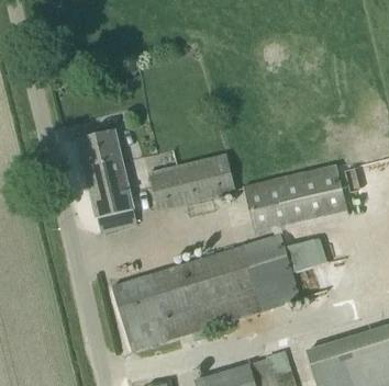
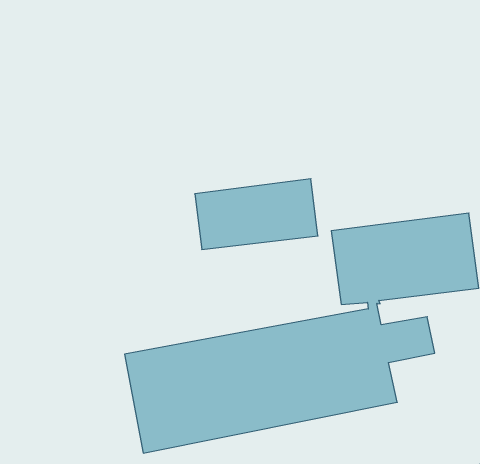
building: [78,126,137,230] -> none

